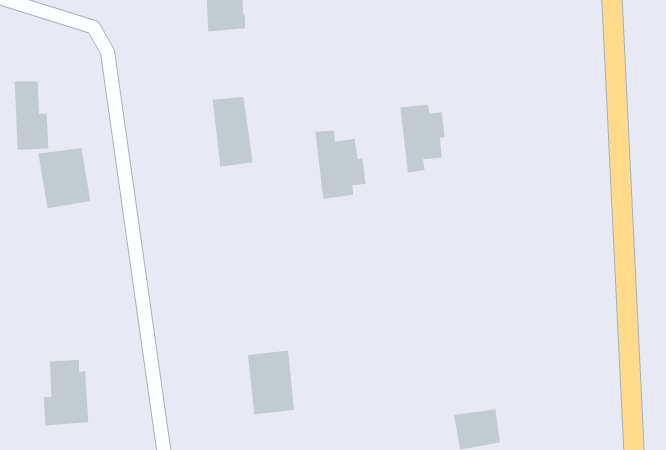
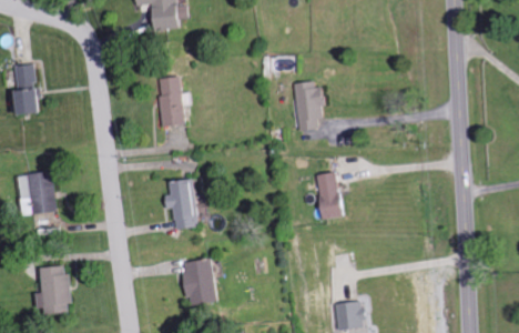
building: [315,130,366,199] -> none
building: [37,147,91,209] -> [17,172,55,216]
building: none -> [317,173,345,220]
building: none -> [165,180,200,231]

